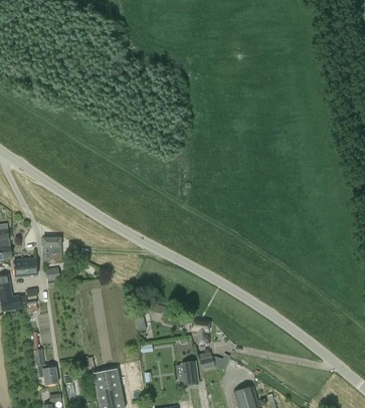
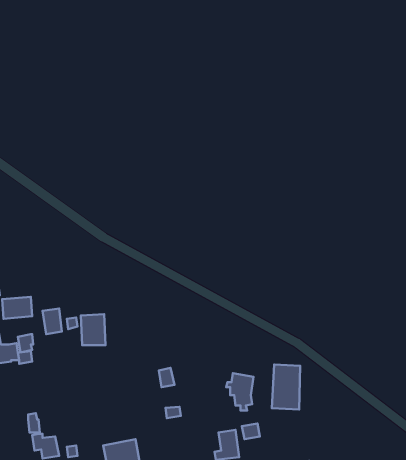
building: [42,237,61,261] -> [81,314,106,345]
building: none -> [272,364,300,409]

